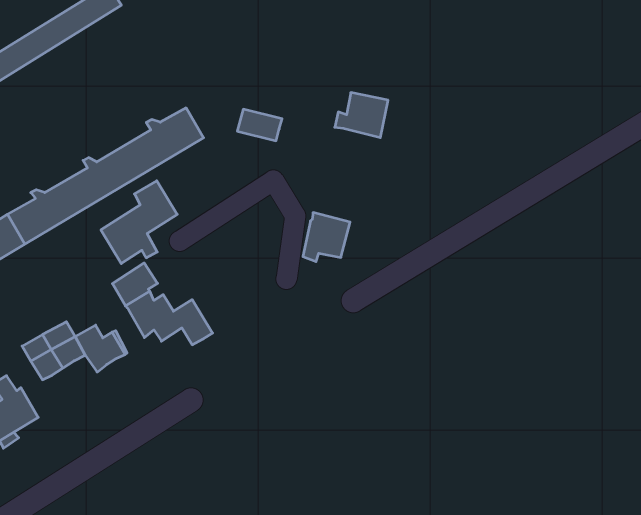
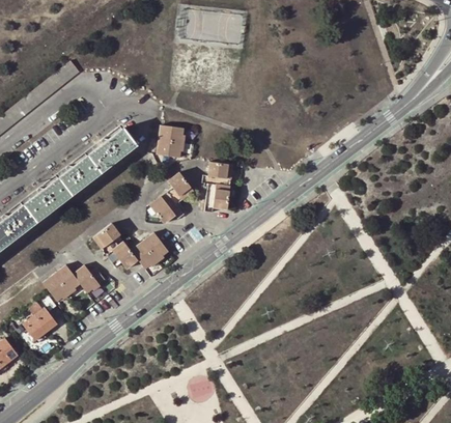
building: [335,93,388,138] -> [202,161,232,186]
building: none -> [154,139,180,158]
building: [101,181,177,264] -> [148,172,193,224]
building: none -> [141,232,168,261]

